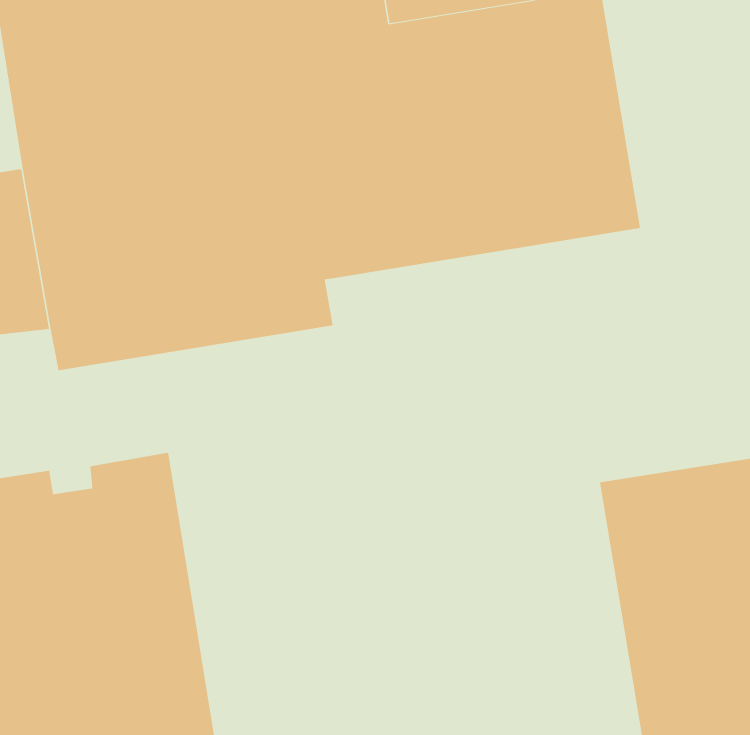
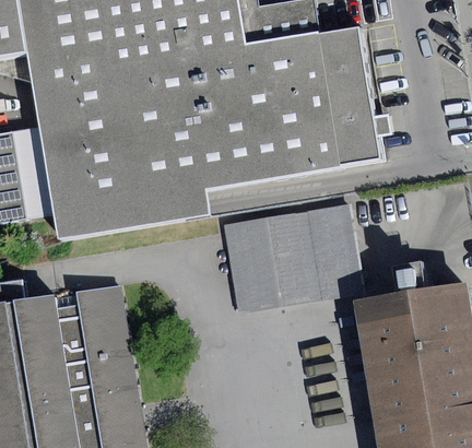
building: none -> [224,205,363,310]

